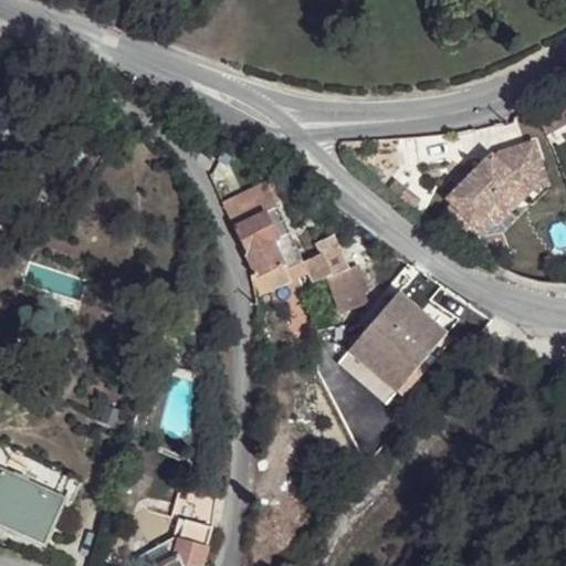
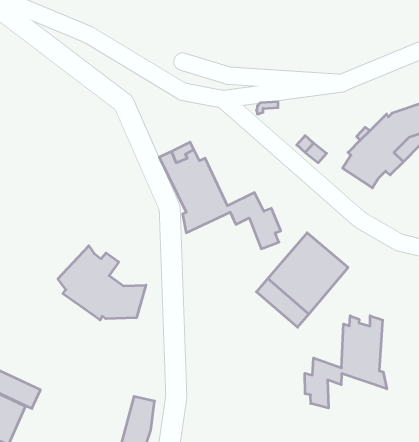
building: none -> [58,246,146,320]
building: none -> [305,316,387,408]

